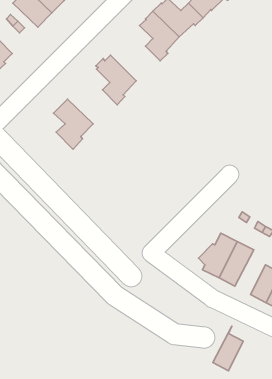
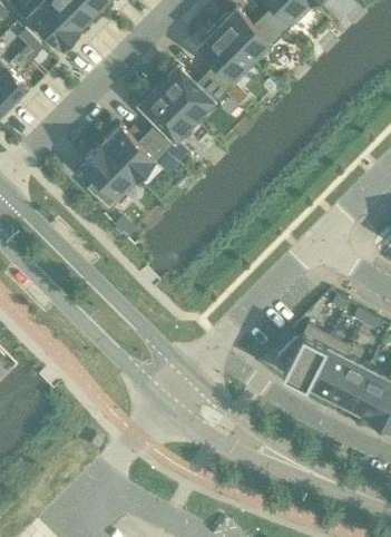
building: none -> [157,68,224,123]
building: none -> [99,128,166,180]
building: [213,326,243,371] -> [324,350,365,410]

